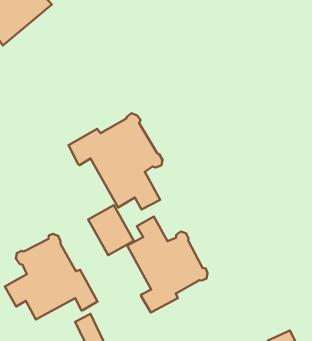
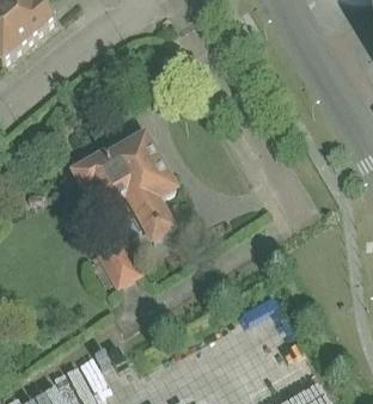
building: [127,216,208,313] -> none
building: [5,234,97,319] -> none

